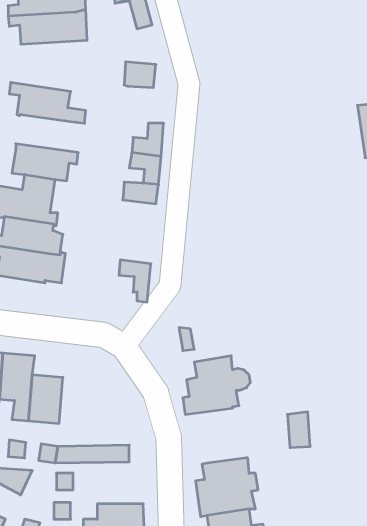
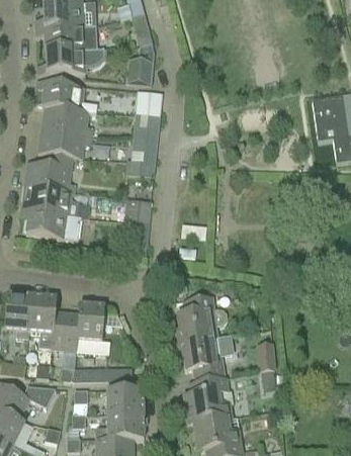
building: none -> [37,48,104,75]
building: none -> [136,90,161,113]
building: none -> [41,106,93,136]
building: none -> [124,199,151,224]
building: none -> [76,303,111,354]
building: none -> [176,339,225,382]
building: none -> [106,389,143,415]

